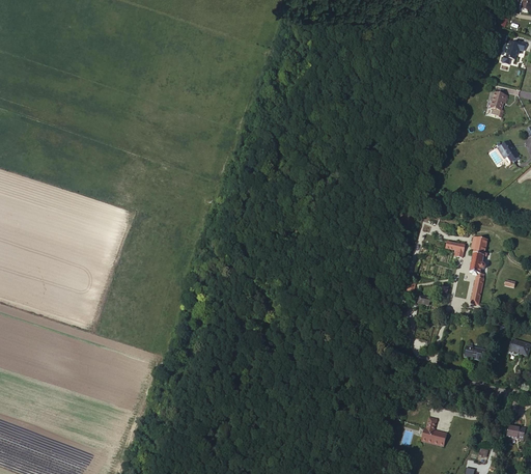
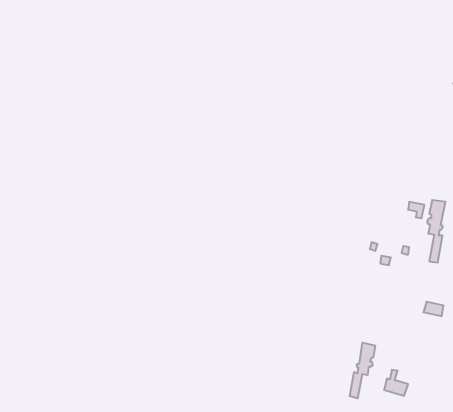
building: none -> [350,343,375,398]

